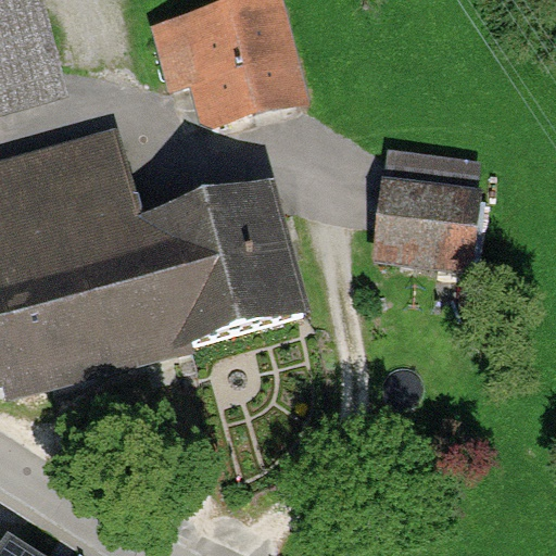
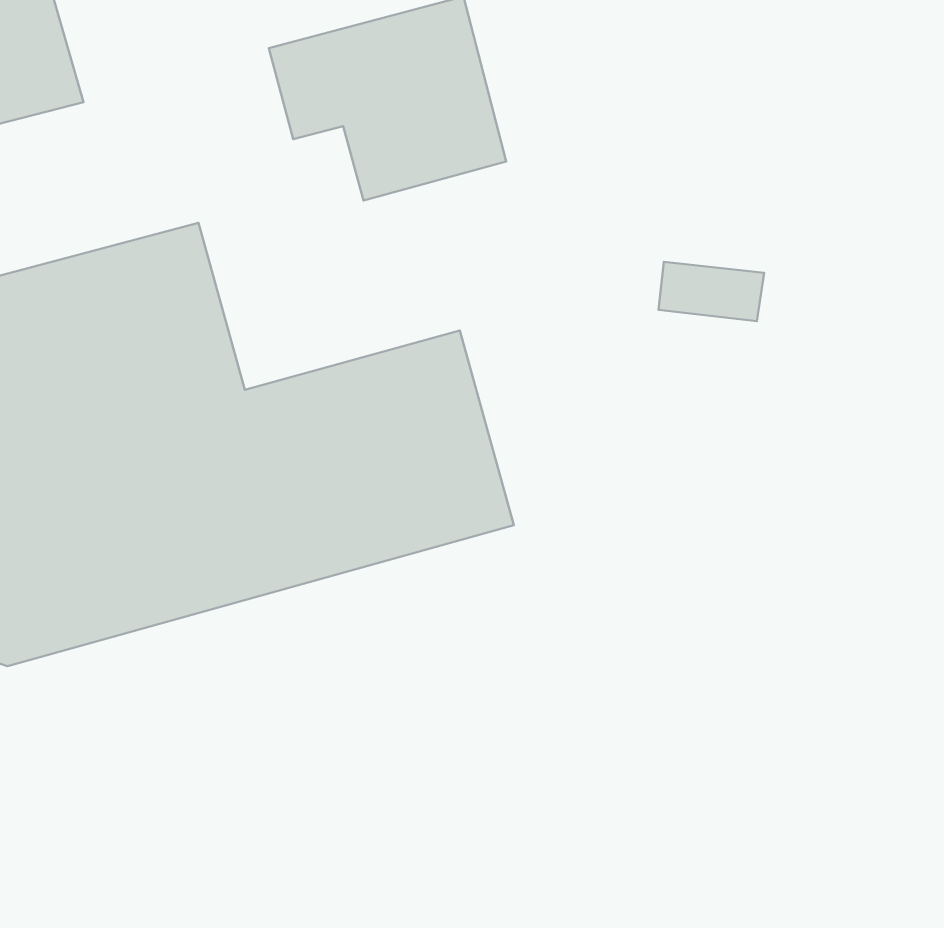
building: [380,186,476,262] -> none

